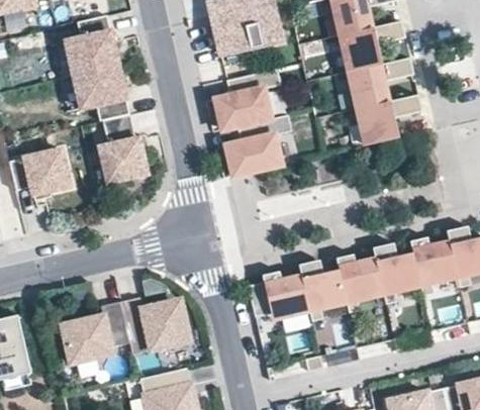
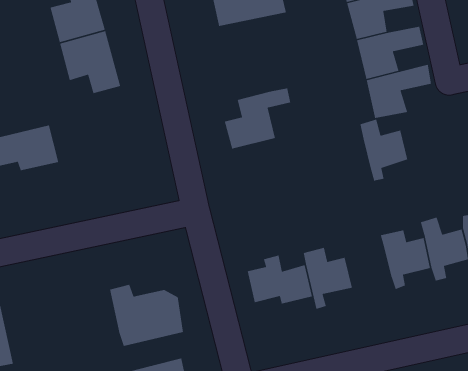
building: [213,69,279,129] -> none
building: [100,114,141,178] -> none
building: [335,253,381,312] -> [360,119,408,181]
building: [64,303,127,361] -> none

